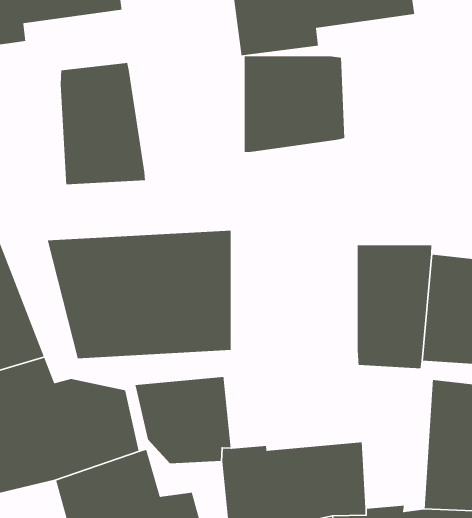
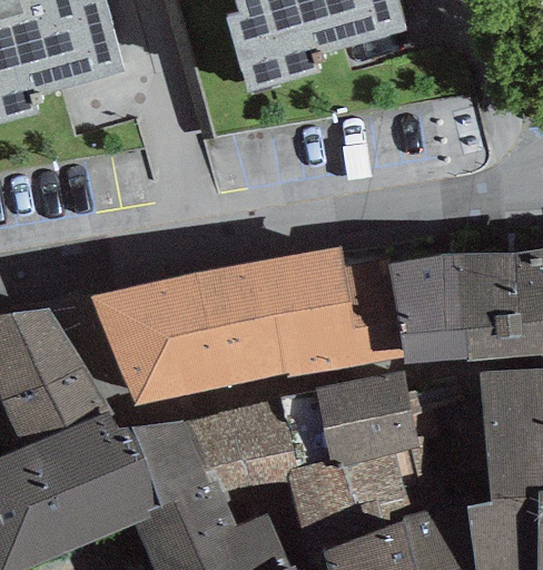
building: [244,56,345,153] -> none
building: [60,62,146,185] -> none
building: none -> [263,245,401,374]
building: none -> [277,368,419,468]

